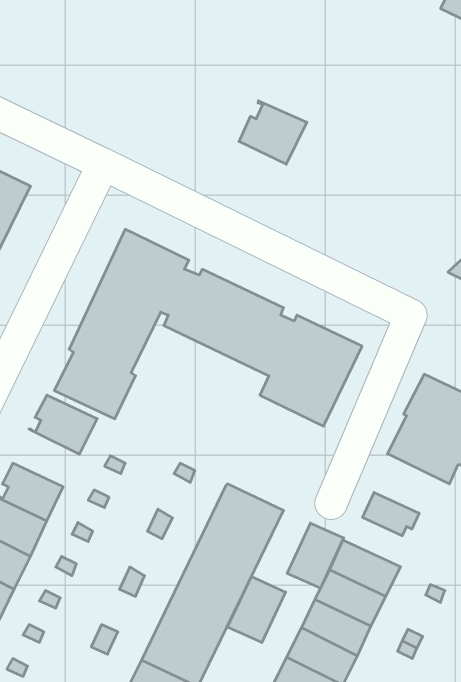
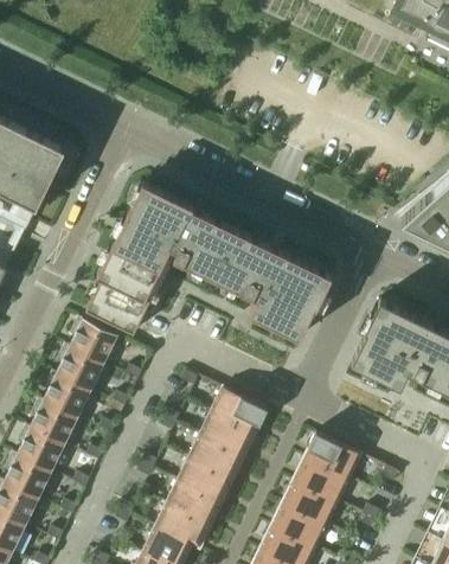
building: [239,101,307,164] -> none
building: none -> [51,345,104,391]
building: [363,492,419,536] -> none
building: [287,523,344,588] -> none
building: [228,577,286,643] -> none

